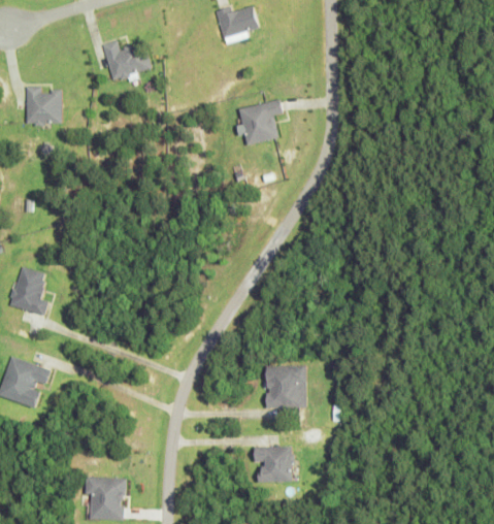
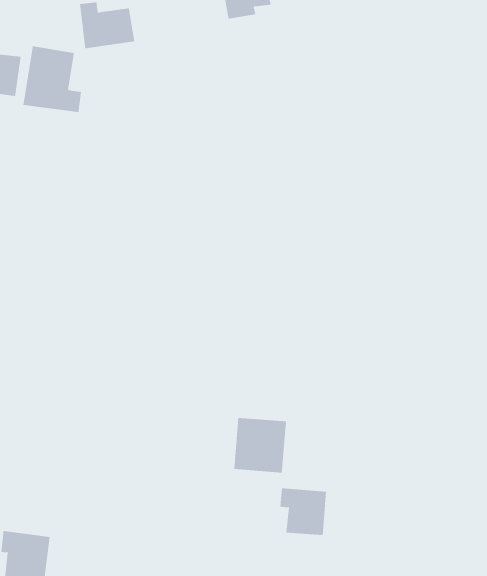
building: none -> [23,45,82,113]
building: [239,99,282,144] -> none
building: [255,446,293,483] -> [279,488,327,536]

